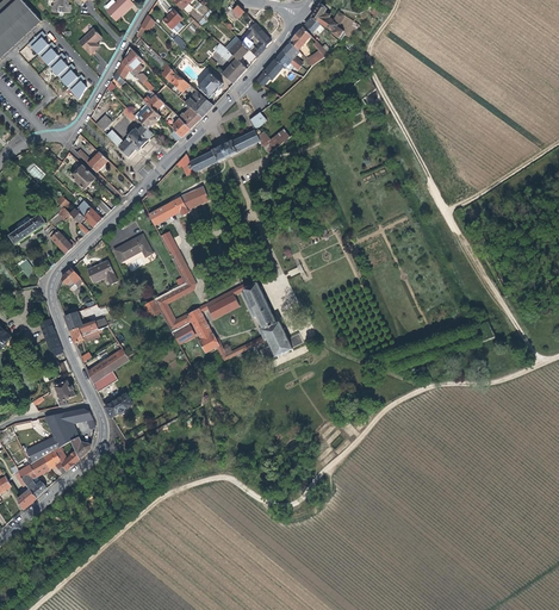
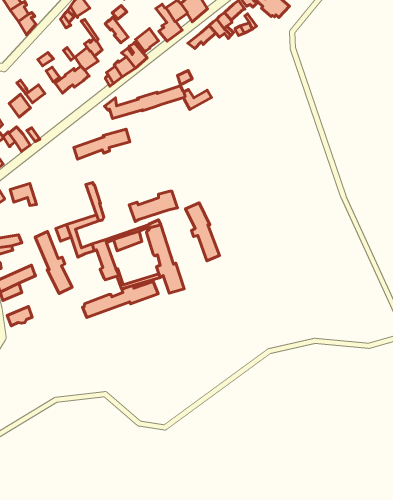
building: [114,234,153,261] -> none
building: none -> [129,191,178,221]
building: none -> [186,203,220,261]
building: none -> [35,231,72,294]
building: none -> [83,282,158,317]

